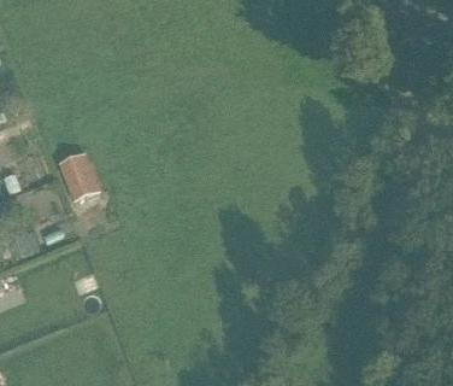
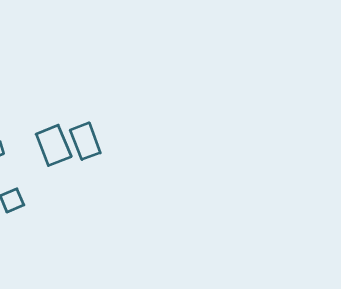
building: none -> [70,123,100,160]

